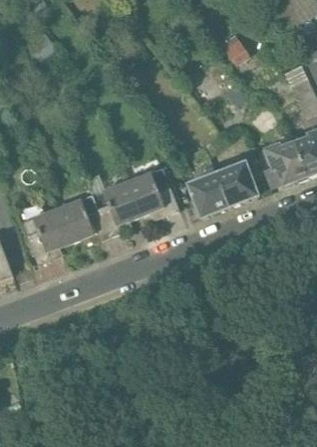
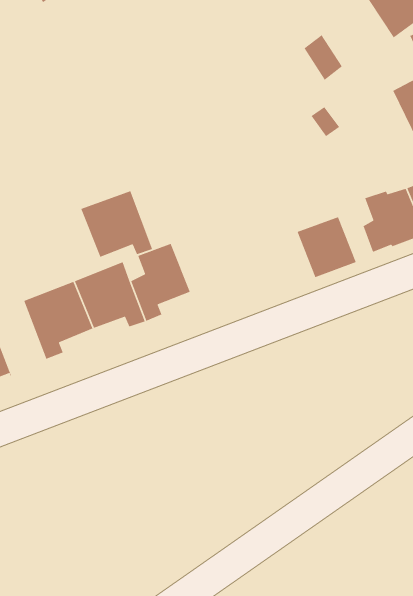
building: [127,167,180,215] -> [80,190,153,258]
building: [189,172,230,216] -> none

